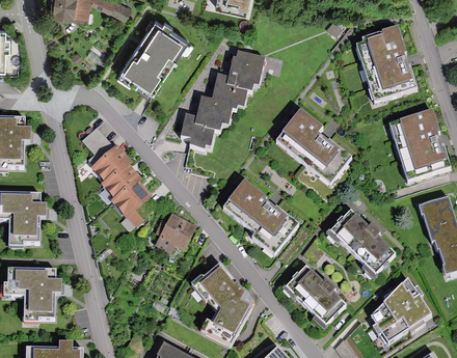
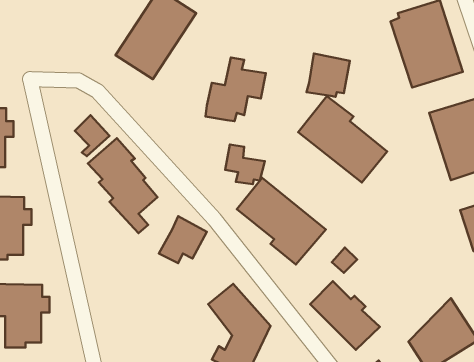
building: [226,52,264,89] -> [307,54,350,97]
building: [180,114,214,148] -> [225,144,265,184]
building: [330,214,396,277] -> none

